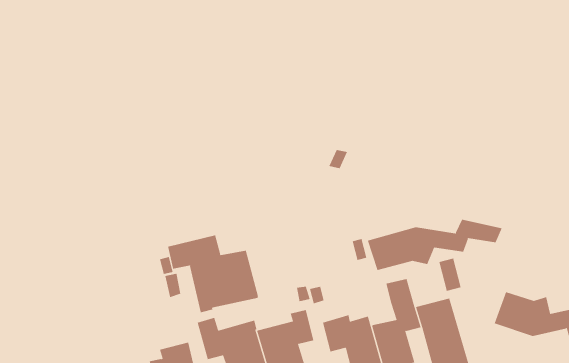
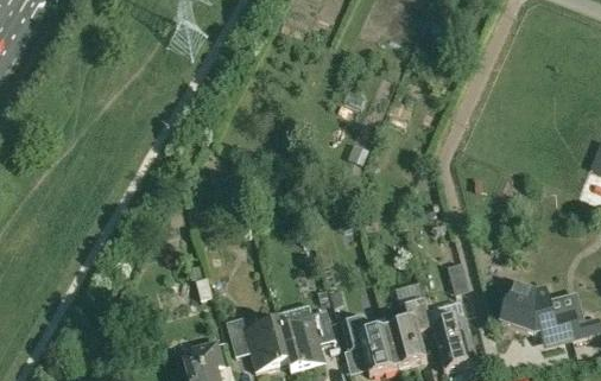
building: [367,219,502,271] -> none
building: [167,235,259,313] -> none

